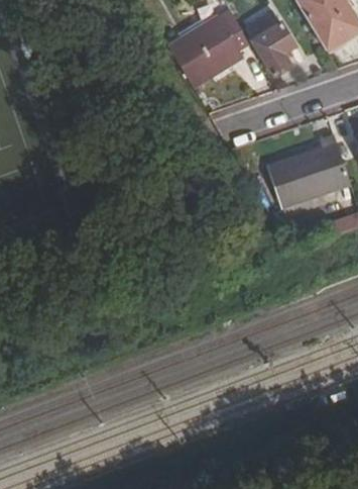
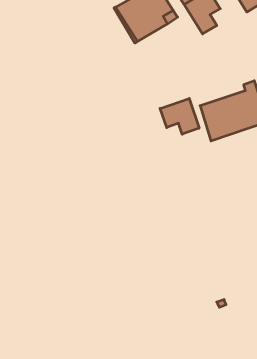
building: none -> [160,98,199,134]

